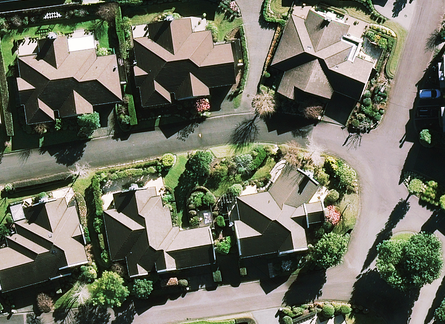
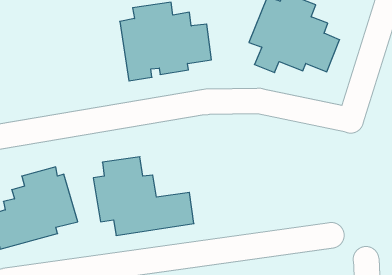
building: [15,39,120,124] -> none
building: [236,167,323,257] -> none

